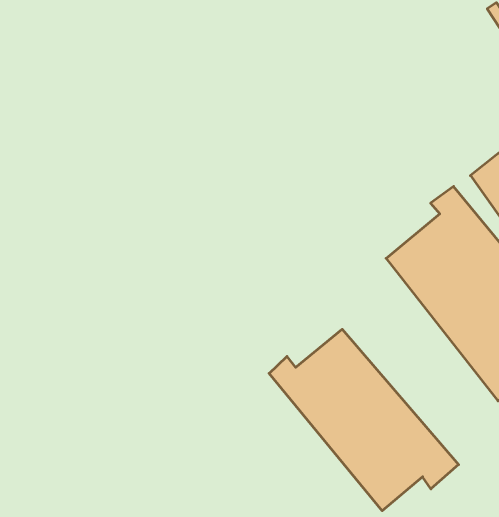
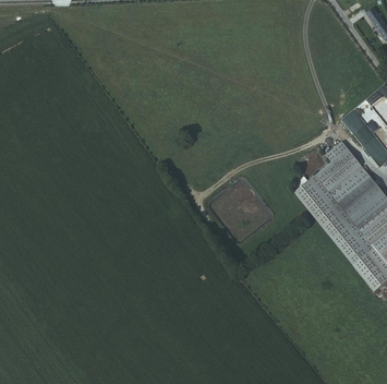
building: [269,329,459,511] -> none

